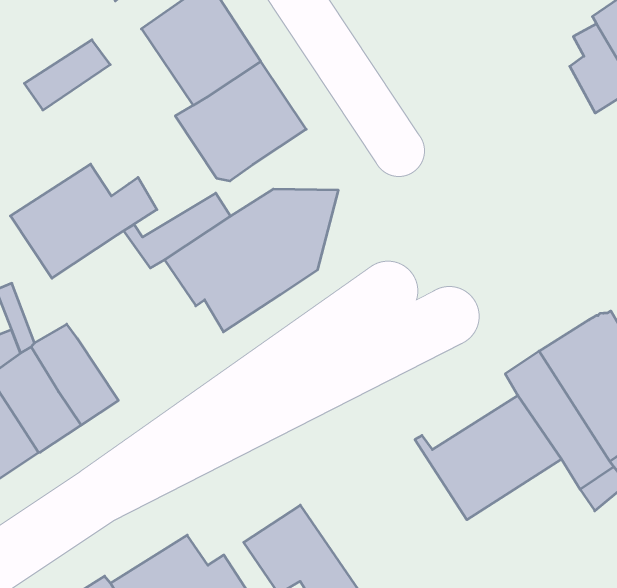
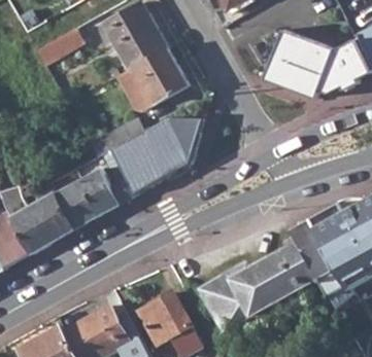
building: none -> [263,33,337,98]
building: [10,164,157,278] -> [54,168,135,229]
building: none -> [199,262,263,331]

